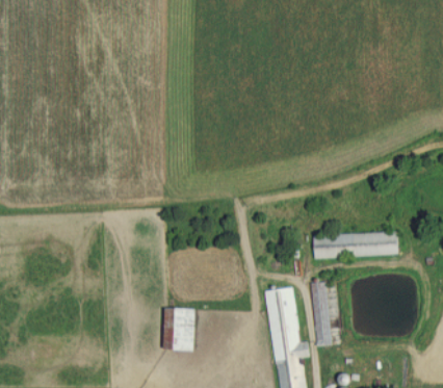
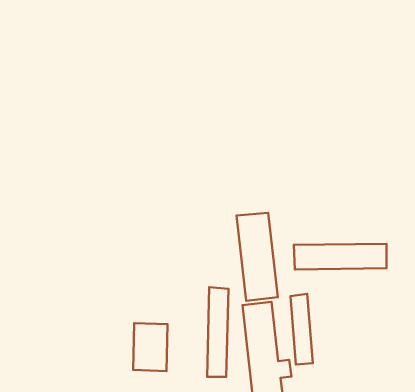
building: none -> [236,213,278,301]
building: none -> [207,287,228,377]

